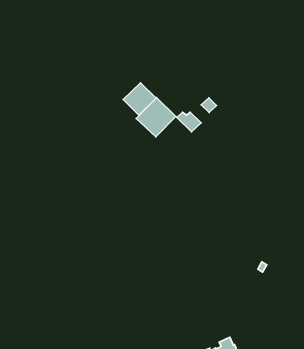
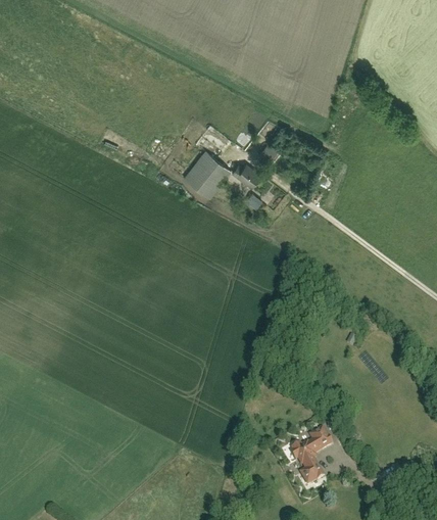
building: [123,83,156,115] -> none

